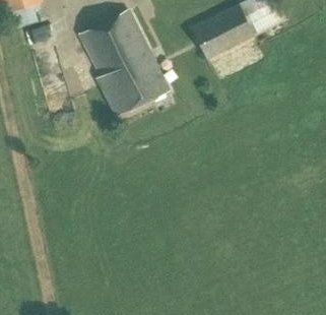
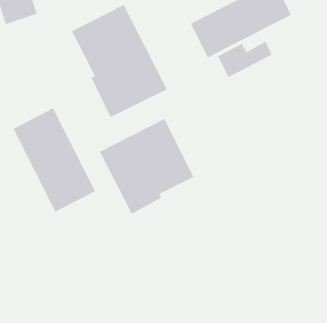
building: none -> [13,108,96,212]
building: none -> [99,118,194,214]

